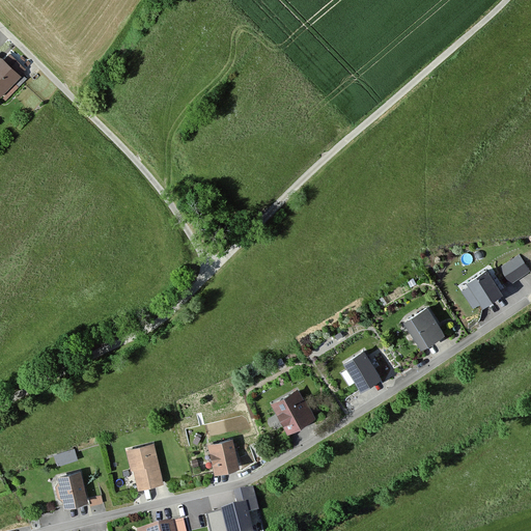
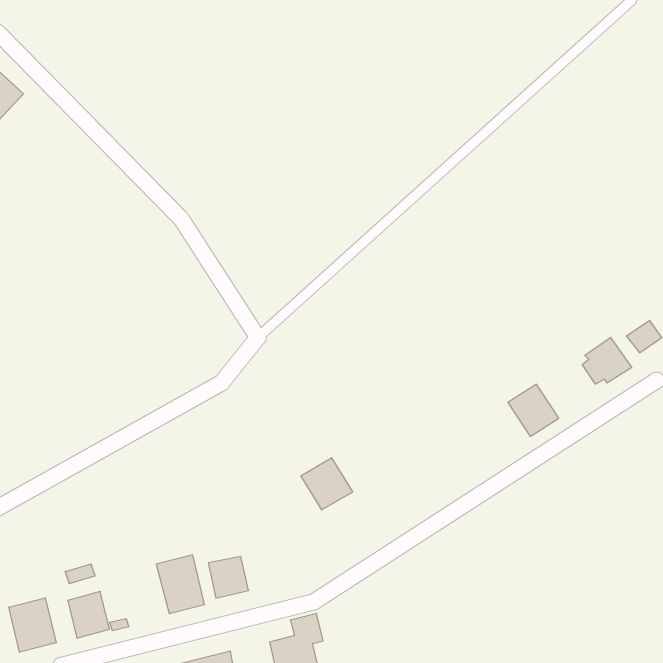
building: [346,353,382,391] -> none
building: [272,392,313,434] -> [301,458,353,510]
building: [207,441,240,474] -> [208,556,249,598]
building: none -> [9,598,56,652]

